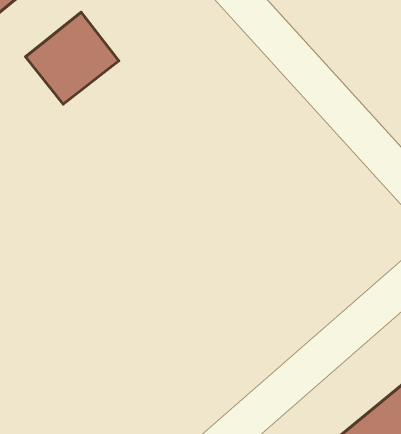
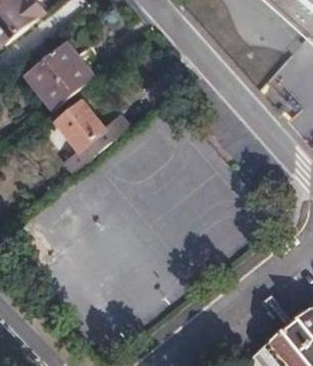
building: none -> [55,105,110,163]

